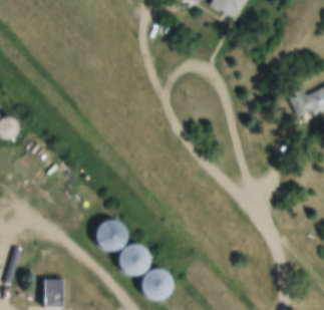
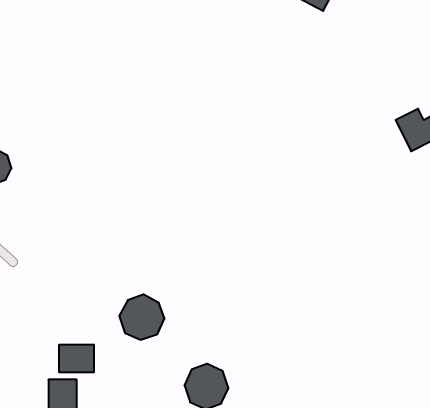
building: [115,244,147,275] -> none
building: none -> [59,345,94,372]

